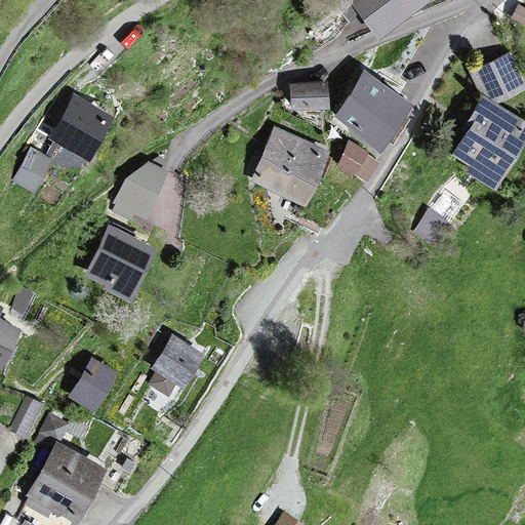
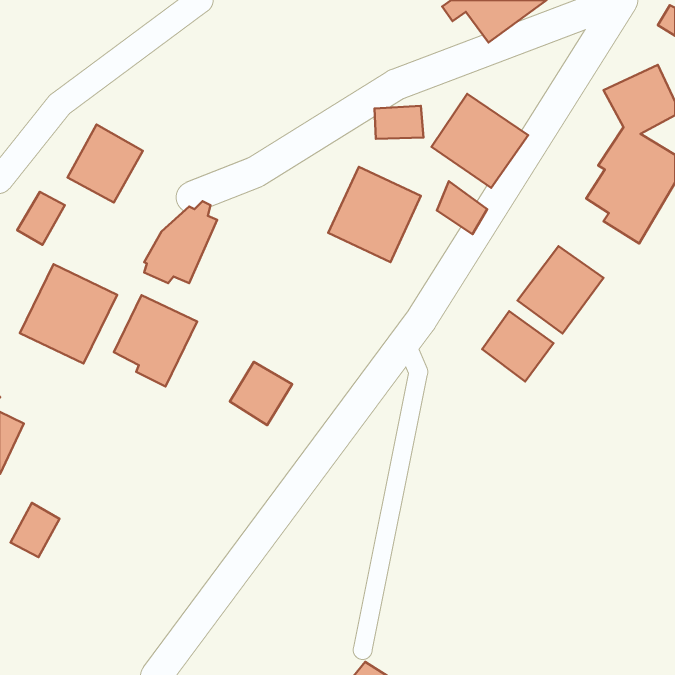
building: none -> [20,264,117,364]
building: none -> [482,311,553,381]
building: [155,338,203,388] -> [230,362,292,425]
building: [72,359,116,409] -> none
building: [29,445,103,520] -> none

